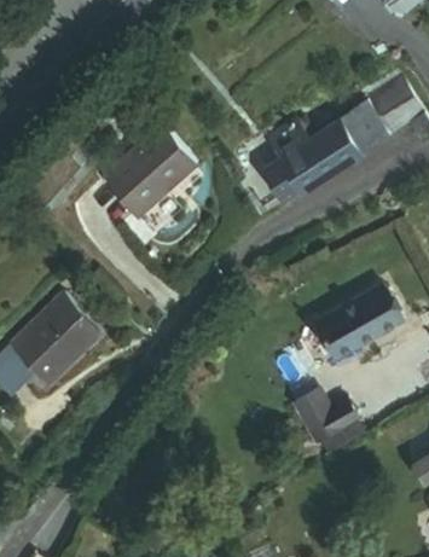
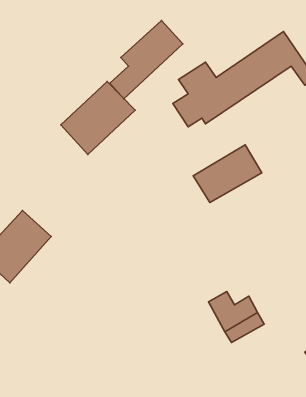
building: none -> [110,20,183,99]
building: [315,289,401,361] -> [193,145,262,203]

